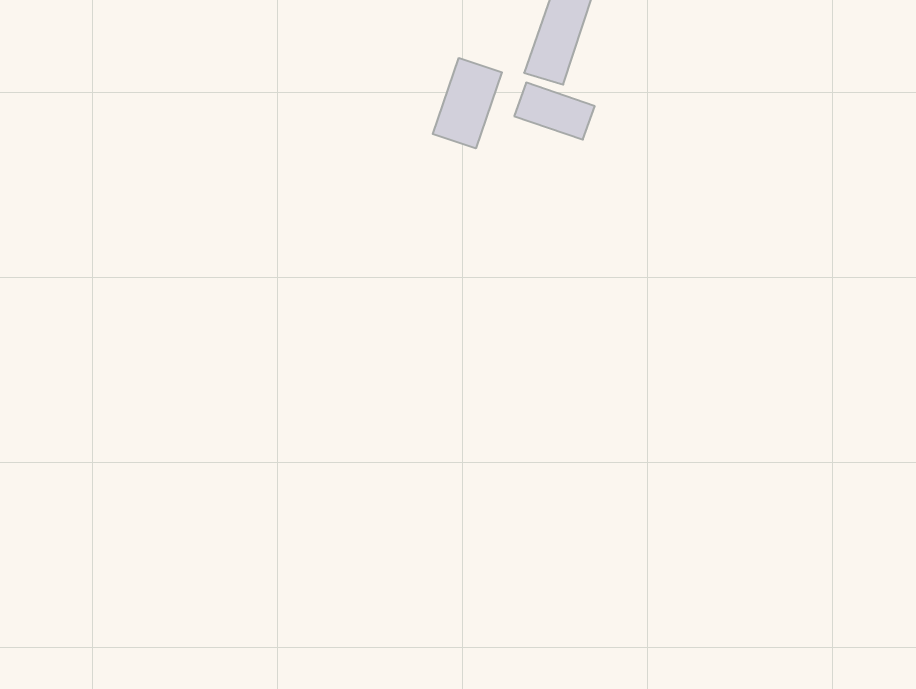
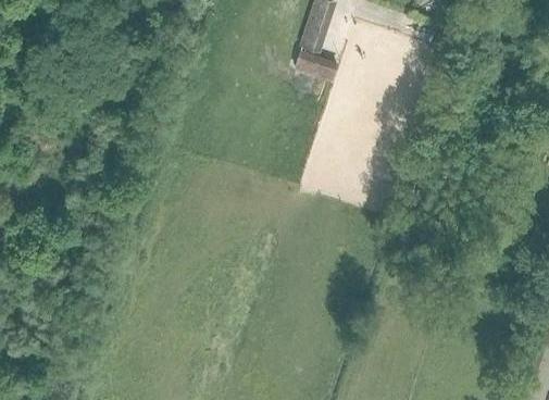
building: [433,58,502,148] -> none

